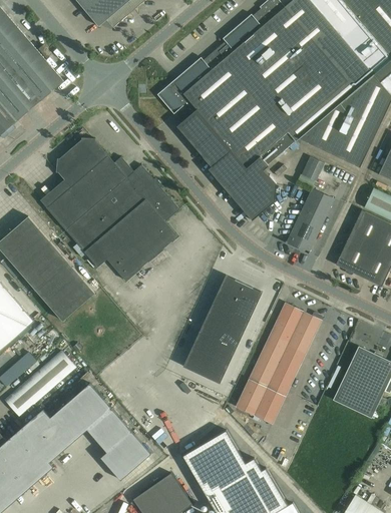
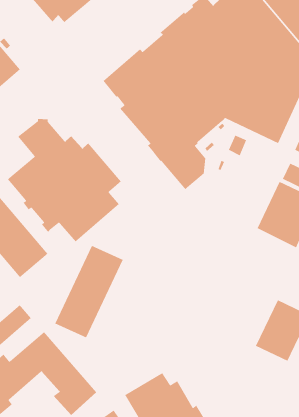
building: [286,188,333,253] -> none
building: [181,275,262,383] -> [54,245,124,339]
building: [236,304,320,423] -> none

